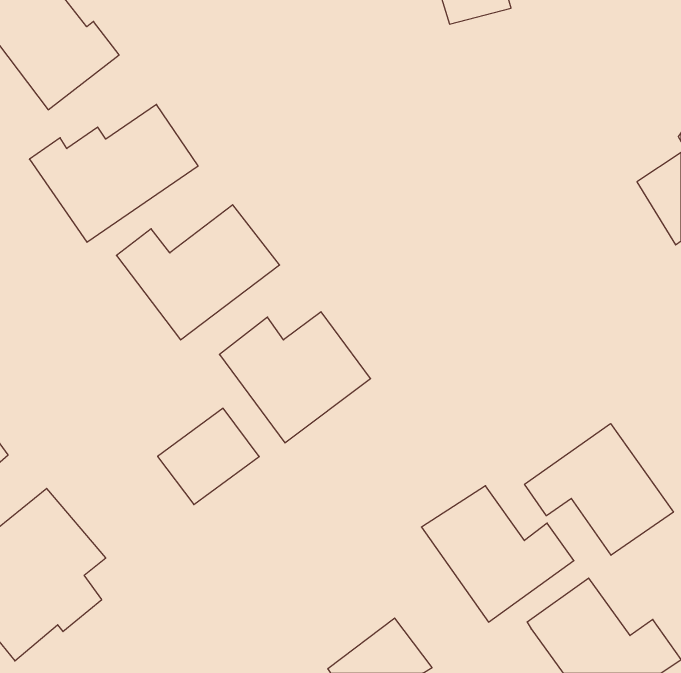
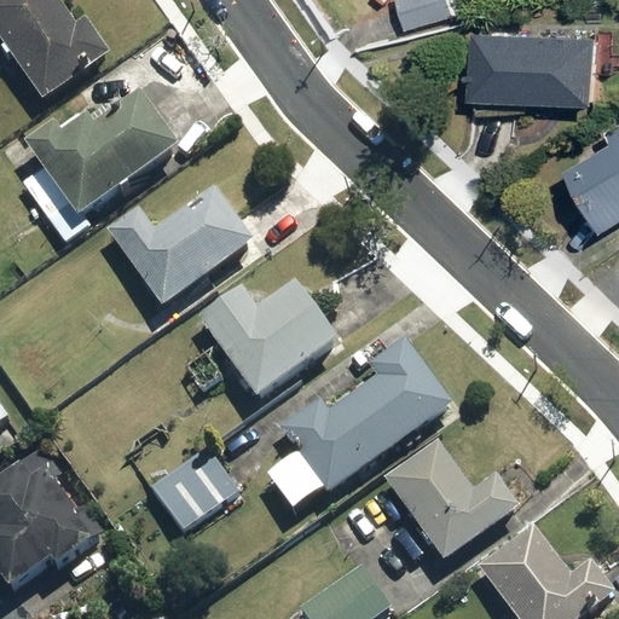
building: none -> [474,19,607,96]
building: none -> [267,332,452,505]
building: [158,408,259,505] -> [147,444,239,531]
building: [525,424,673,555] -> none

